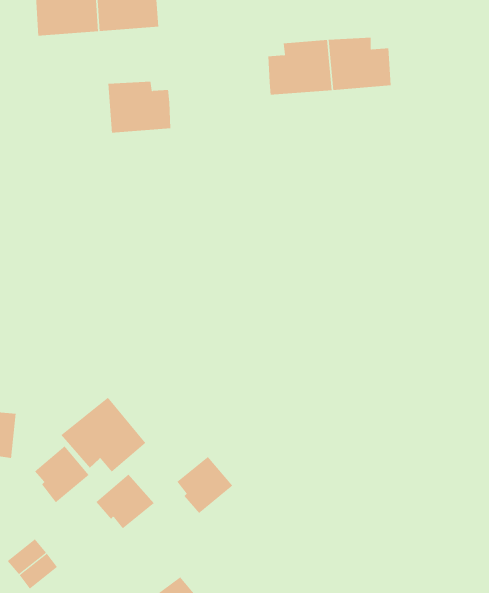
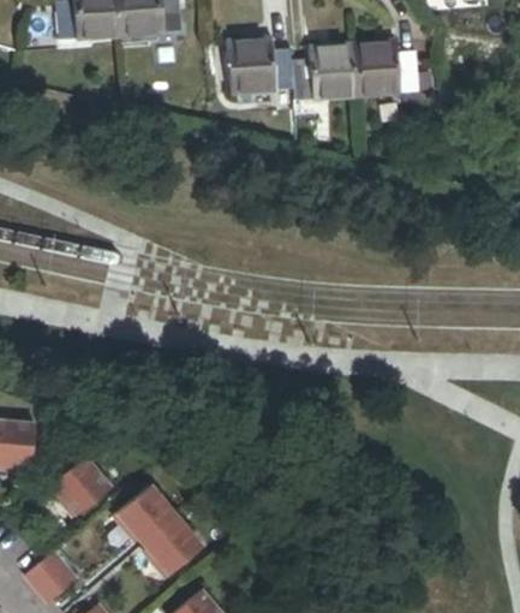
building: [108,81,171,133] -> [227,38,292,91]
building: [61,397,146,472] -> none
building: [176,456,233,514] -> [143,516,201,575]

